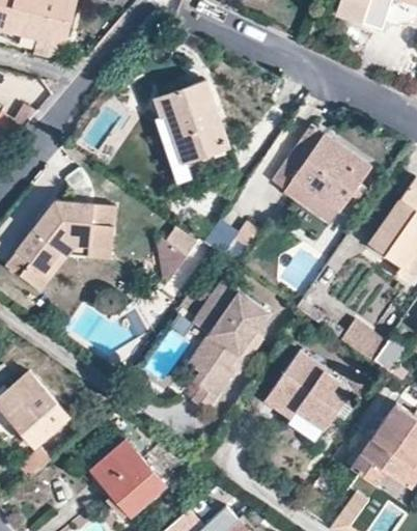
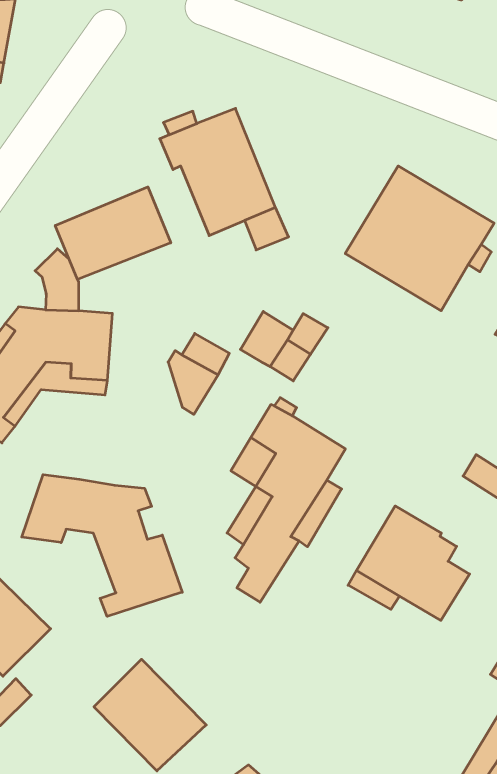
building: none -> [55,187,171,279]
building: none -> [22,475,182,616]

